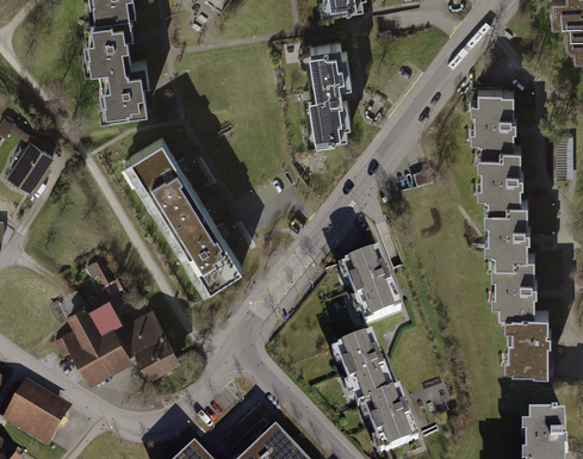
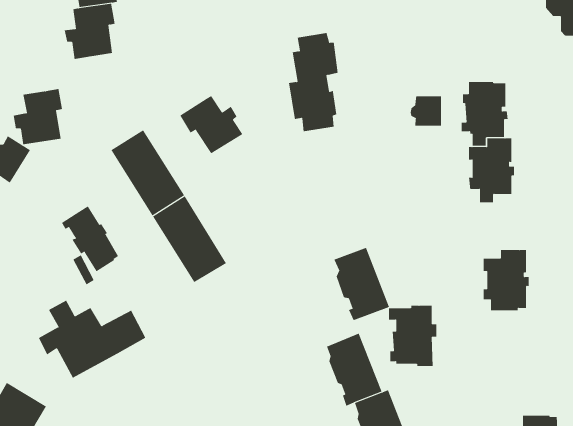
building: [99,62,148,117] -> [13,88,63,145]
building: none -> [179,95,243,154]
building: none -> [410,95,441,126]
building: [484,201,529,263] -> none
building: none -> [61,206,119,272]
building: [504,312,552,372] -> [388,305,437,367]
building: [136,341,176,379] -> none

